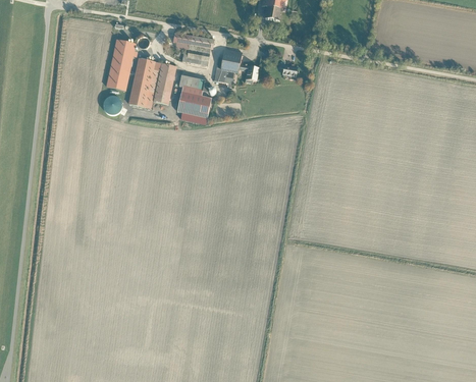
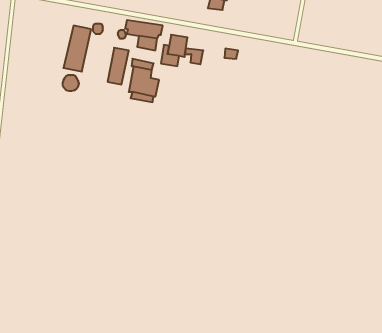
building: [128,59,160,108] -> none

